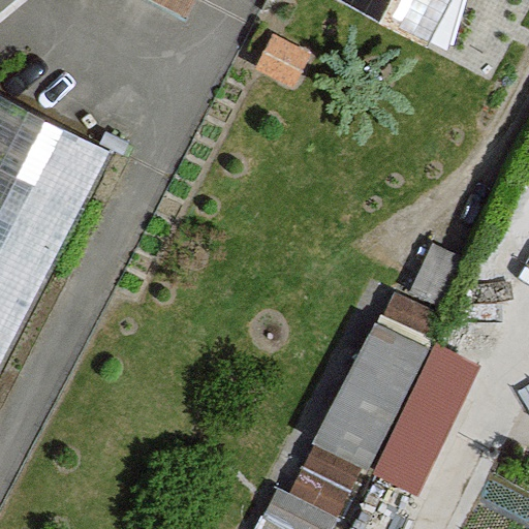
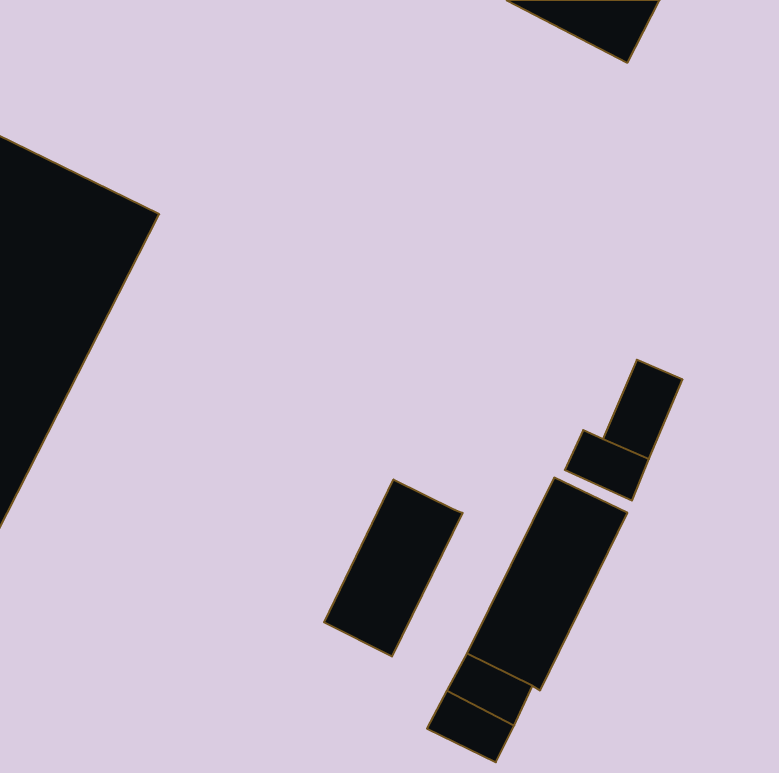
building: none -> [324,479,463,657]
building: [374,348,476,496] -> none

